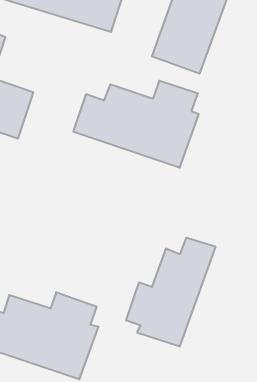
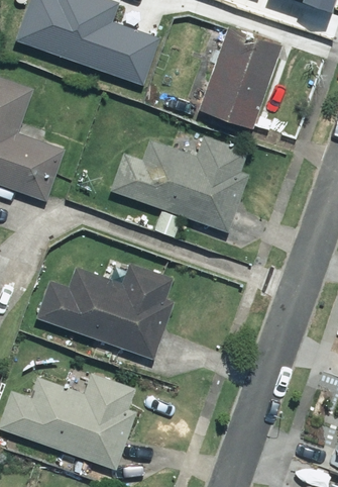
building: none -> [35,262,175,360]
building: [126,238,215,347] -> none

